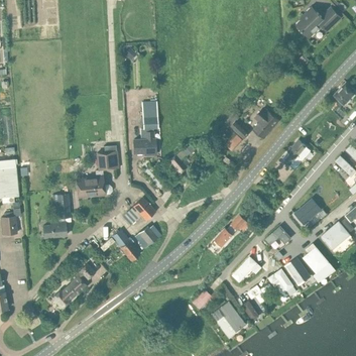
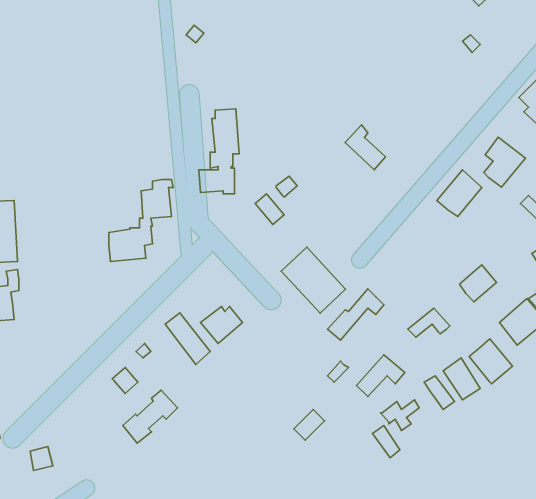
building: [253,107,279,138] -> [484,137,525,187]
building: none -> [281,247,346,313]
building: [43,193,70,237] -> none
building: [122,197,155,225] -> none
building: [52,274,87,308] -> [123,390,177,443]
building: [213,302,247,332] -> none

